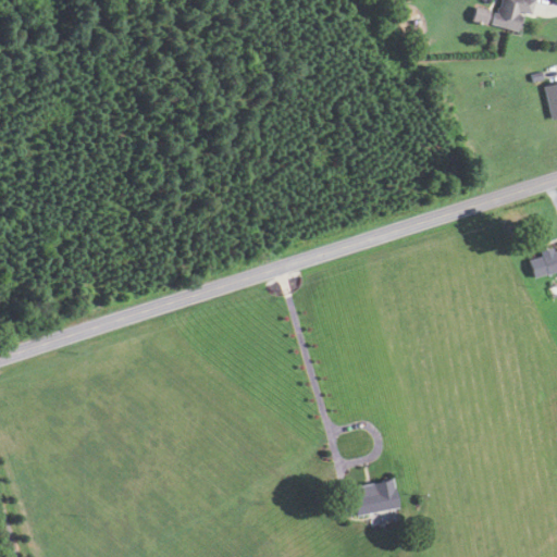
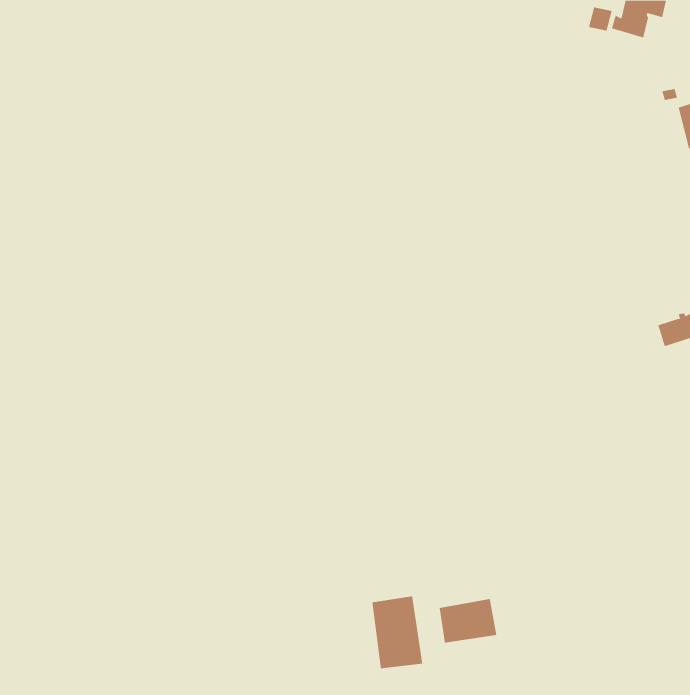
building: none -> [372,595,423,669]

